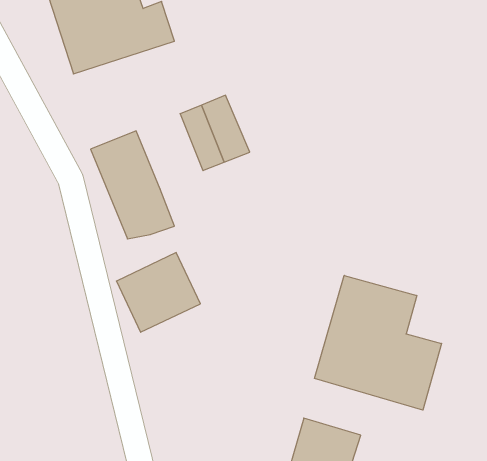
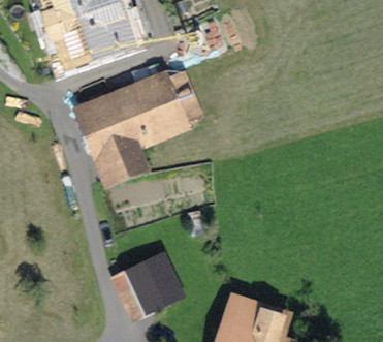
building: none -> [114,88,162,143]
building: [116,253,200,332] -> [114,258,174,316]
building: [314,275,442,410] -> none

